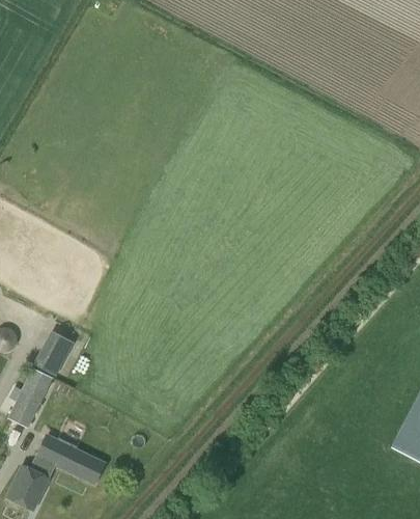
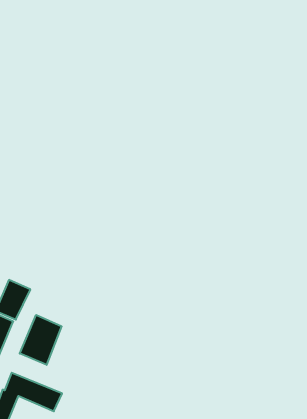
building: none -> [20,315,62,365]

